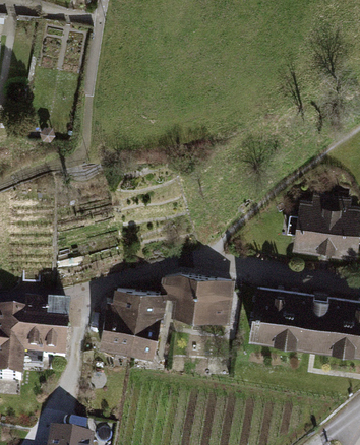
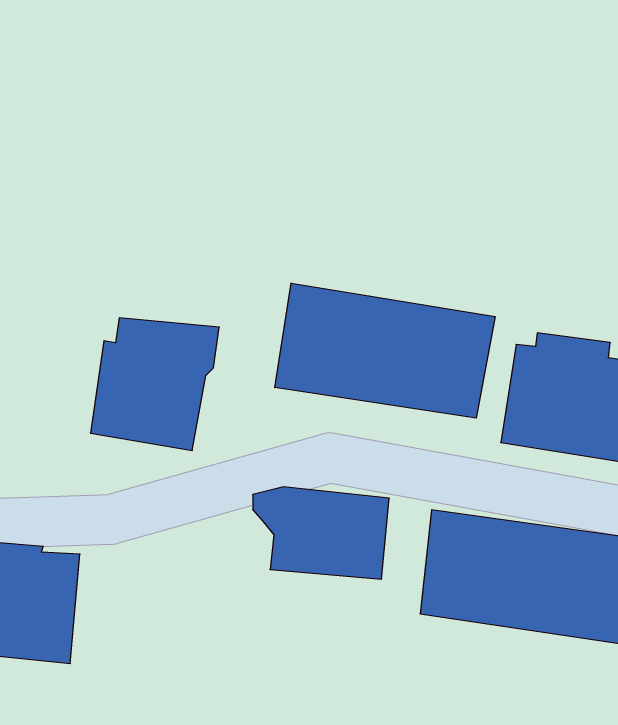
building: none -> [275,283,495,418]
building: [98,288,166,358] -> [90,318,219,450]

